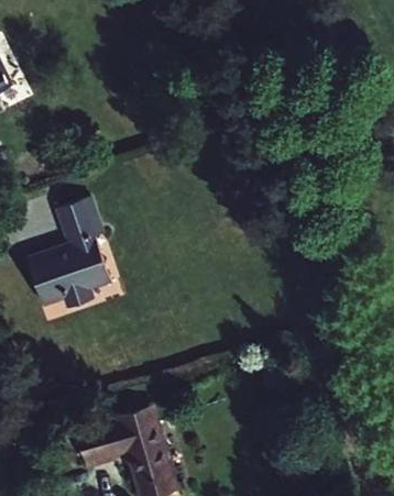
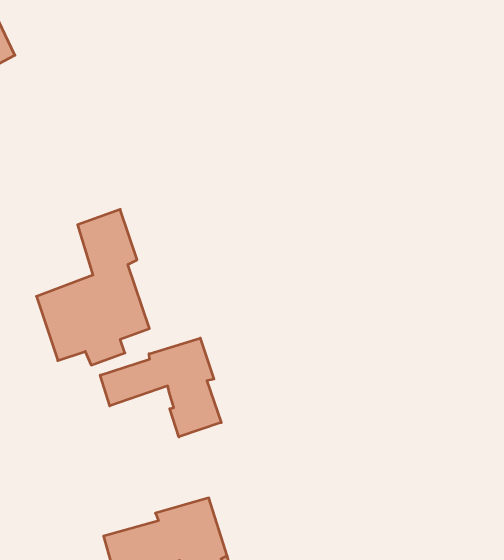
building: none -> [100,338,221,437]

